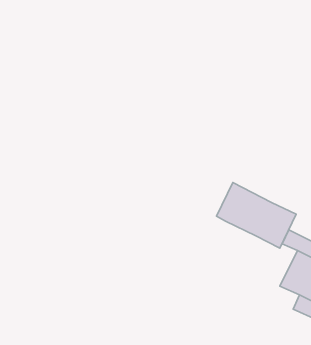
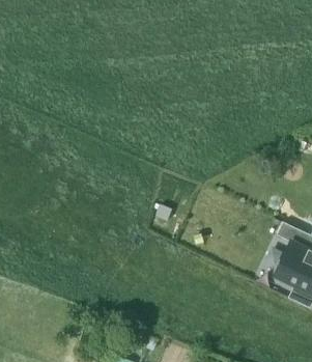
building: [216,182,296,248] -> none

